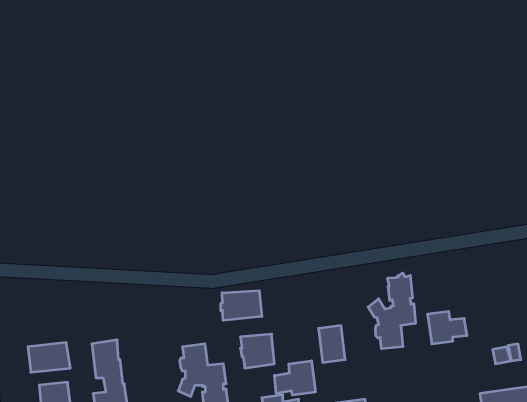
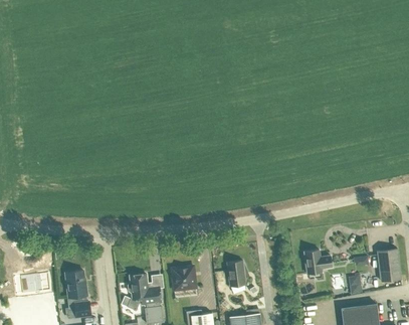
building: [368,273,415,349] -> none
building: [221,291,262,320] -> none
building: [274,361,315,395] -> none

